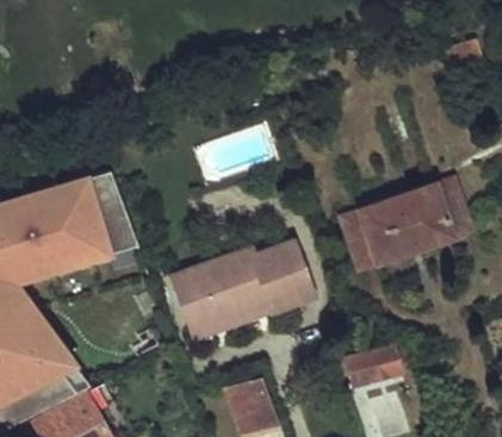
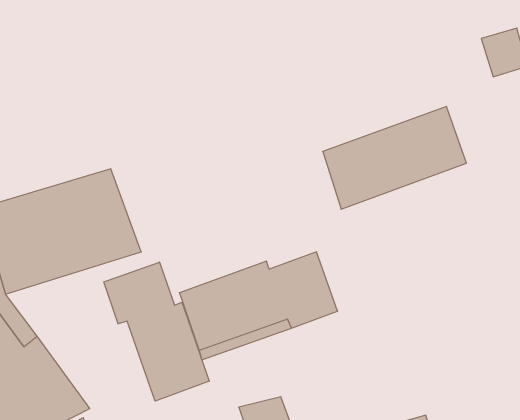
building: [341,180,471,273] -> [323,107,466,209]
building: none -> [104,262,209,401]
building: [349,347,403,386] -> none

